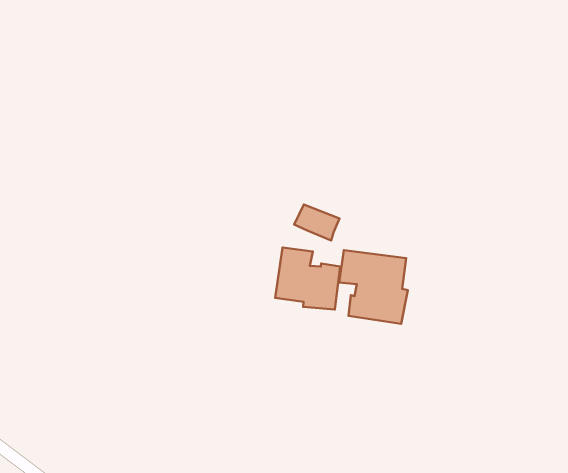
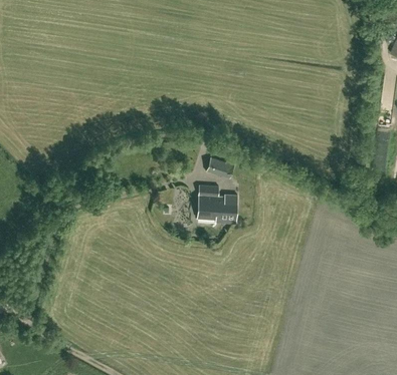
building: [339,250,408,324] -> none

